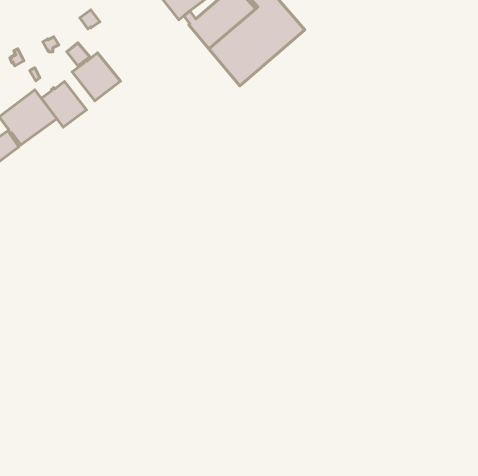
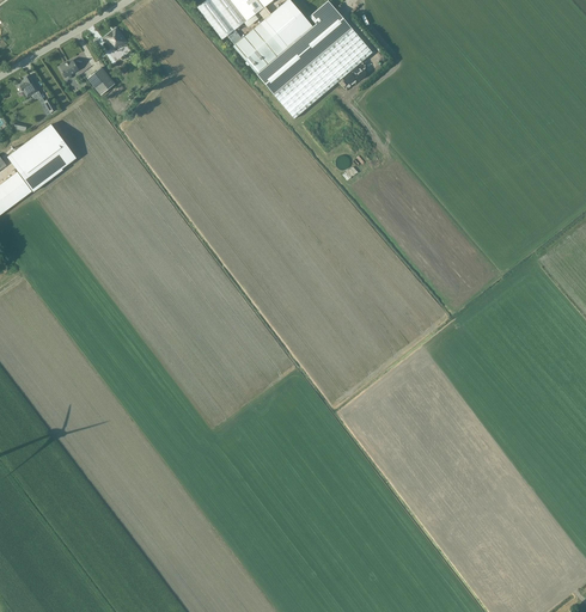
building: [72,53,121,101] -> none
building: [41,82,87,127] -> none

